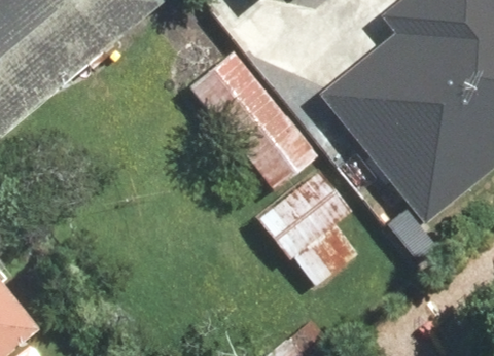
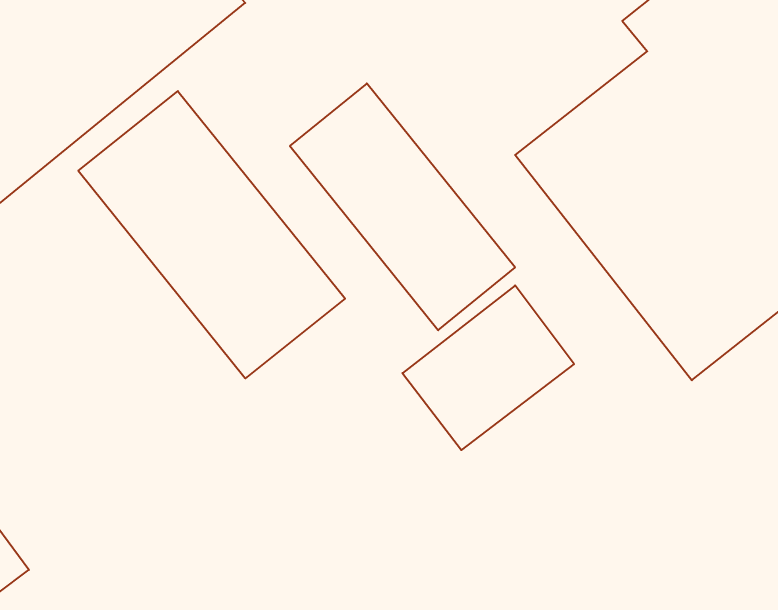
building: none -> [78,91,345,378]

